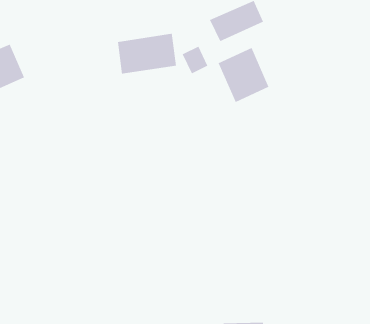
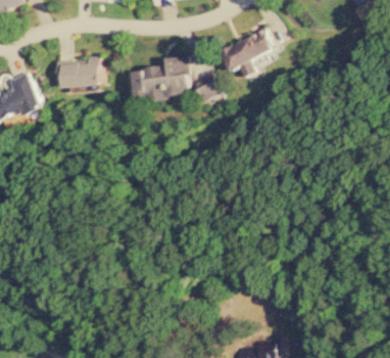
building: none -> [54,56,100,88]
building: [218,47,269,103] -> none

